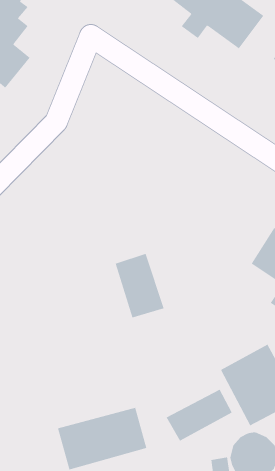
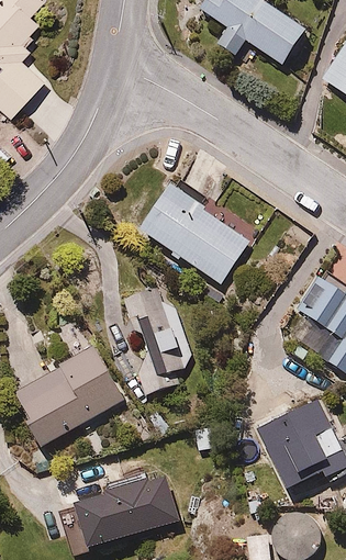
building: none -> [138,177,252,284]
building: none -> [12,345,124,446]
building: [166,389,233,441] -> none

